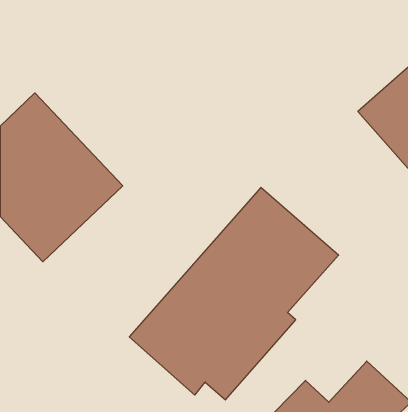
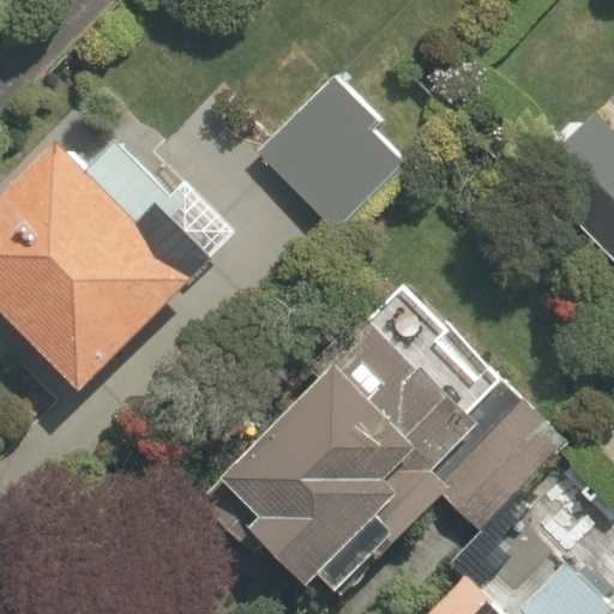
building: none -> [255,94,413,249]
building: none -> [432,401,571,579]

